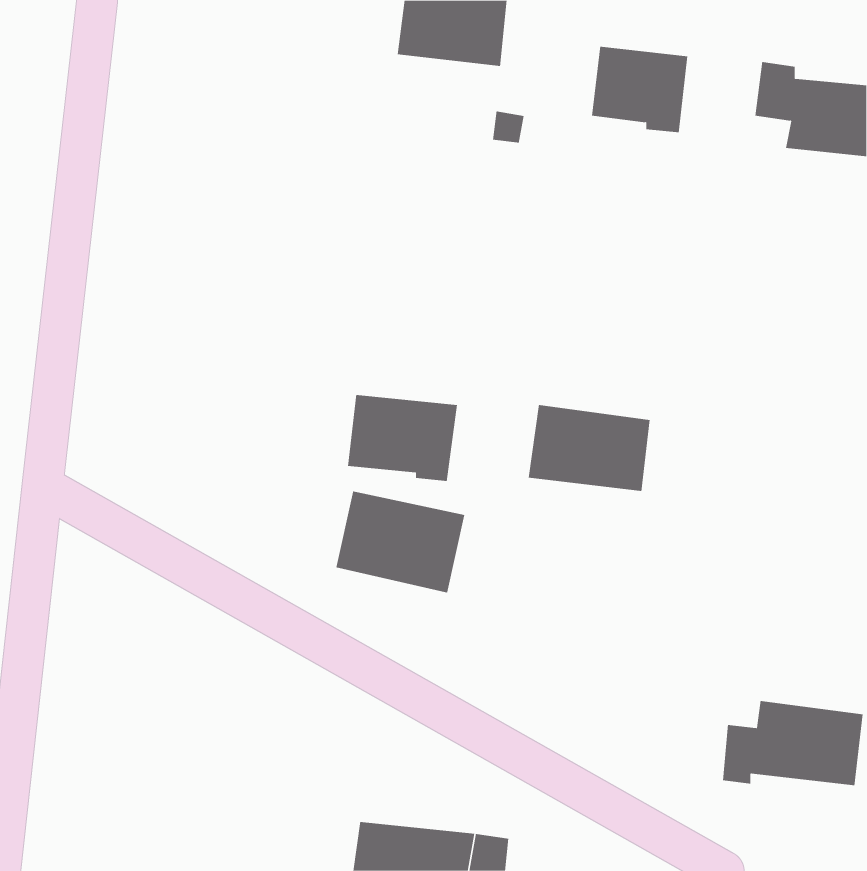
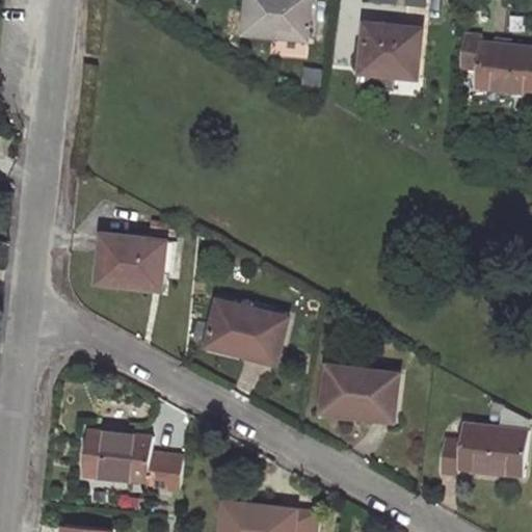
building: [347,395,458,482] -> [96,231,163,284]
building: [528,404,651,491] -> [320,370,395,423]
building: none -> [84,430,186,493]

